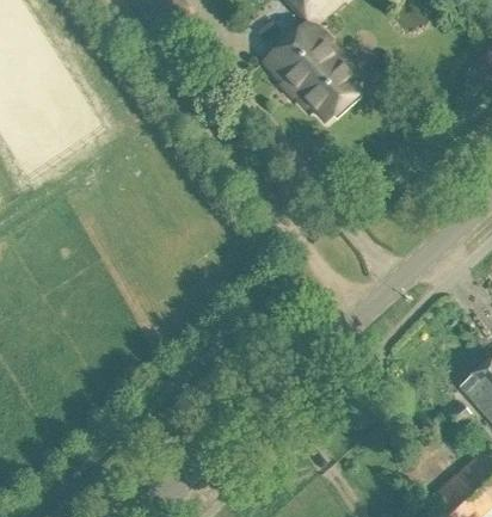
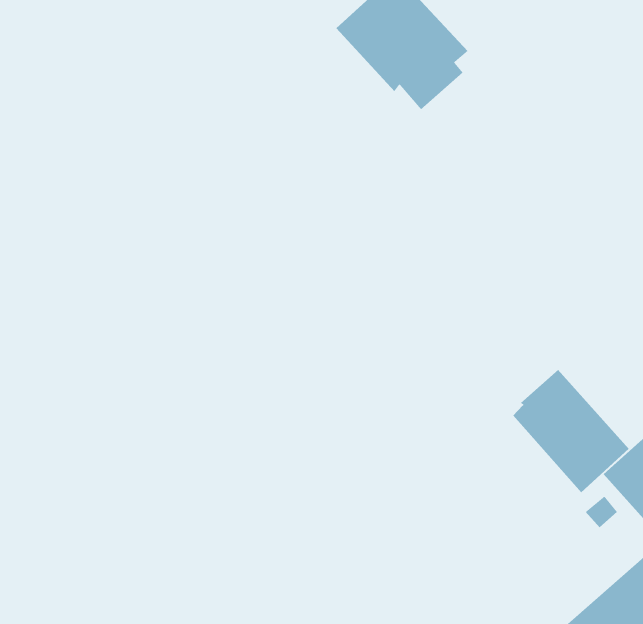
building: none -> [512,369,630,493]

